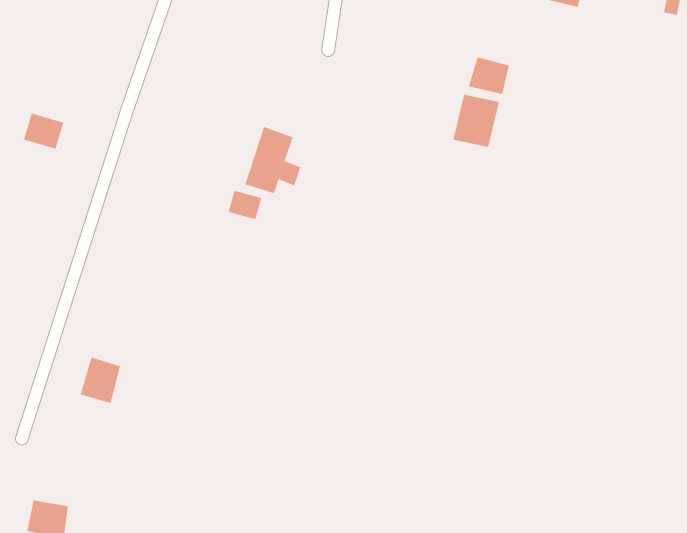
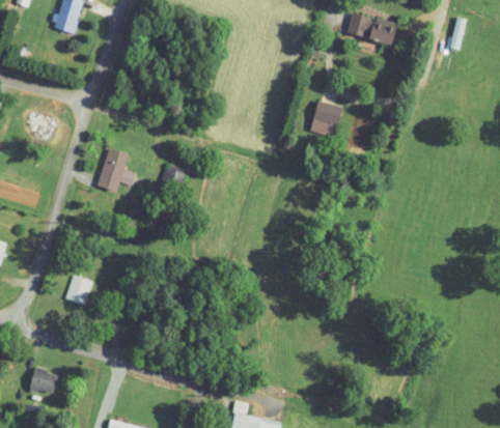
building: [468,56,510,95] -> none
building: [245,126,301,194] -> [98,147,135,192]

